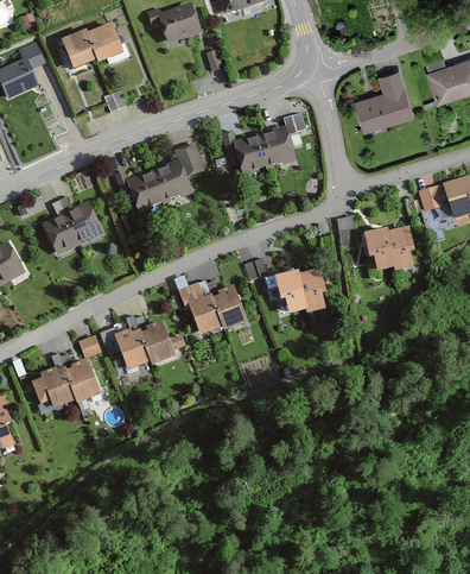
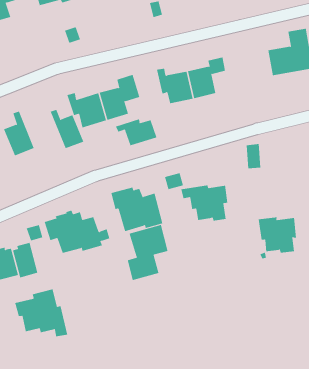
building: [58,196,103,244] -> [50,109,84,149]
building: none -> [115,119,157,146]
building: [362,227,412,272] -> [258,217,297,253]
building: none -> [127,224,168,281]
building: none -> [15,288,68,337]

